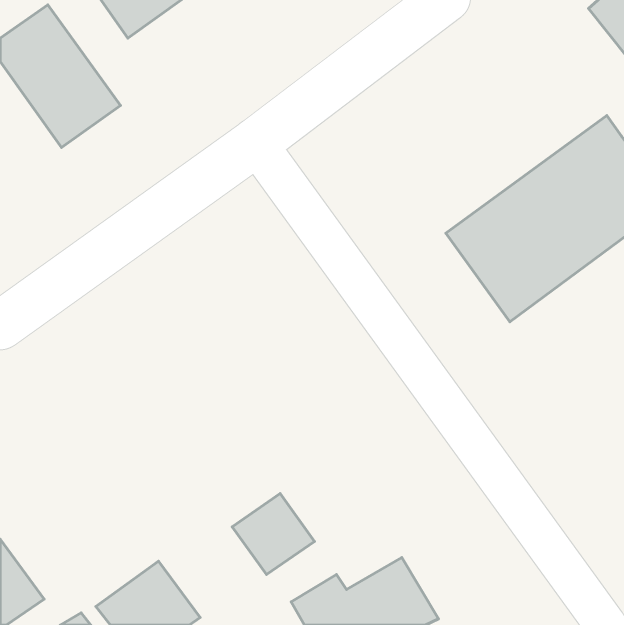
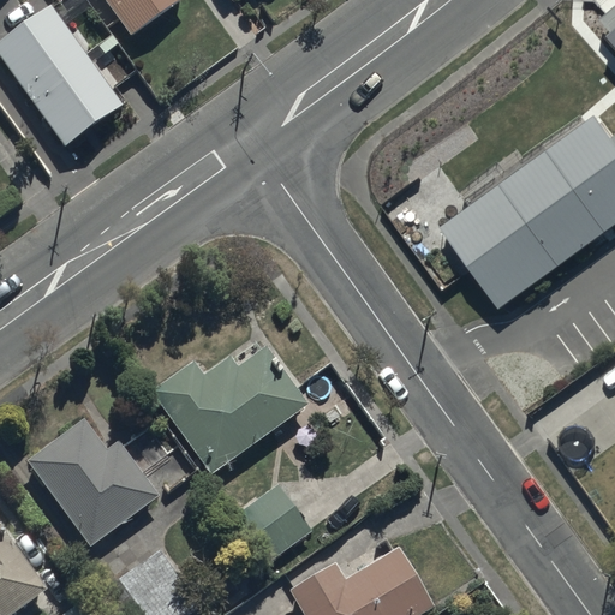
building: none -> [150,345,309,473]
building: none -> [25,418,157,544]

